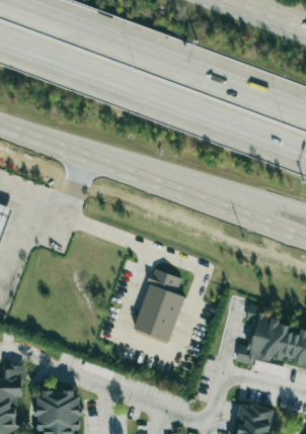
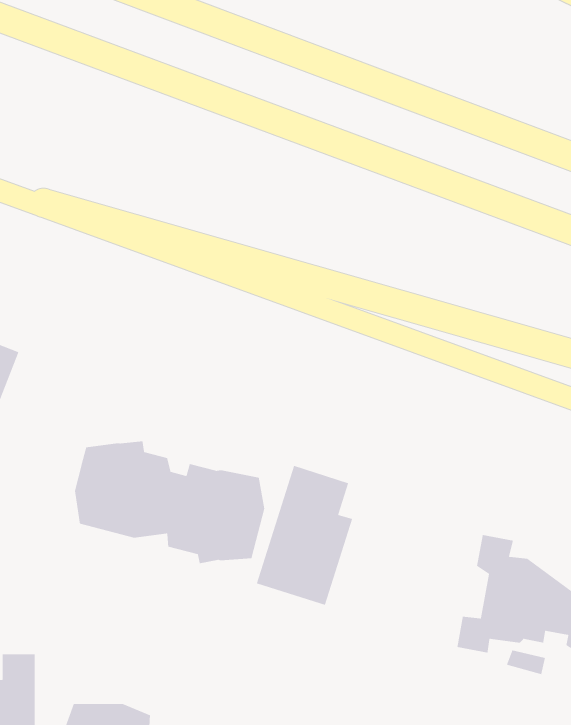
building: none -> [74,440,265,564]

